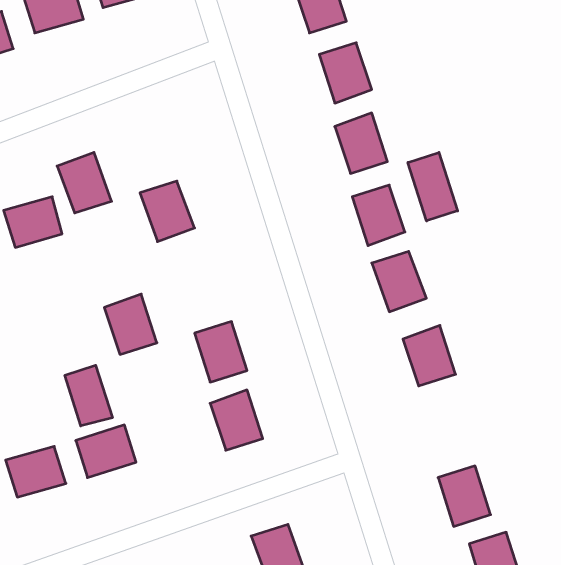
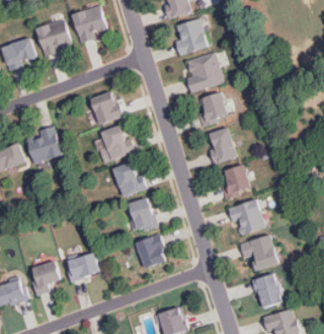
building: [408,152,458,221] -> none
building: [57,152,112,213] -> [89,92,117,123]
building: [104,294,157,354] -> [112,163,140,194]
building: [65,365,112,426] -> none
building: none -> [248,236,275,267]

